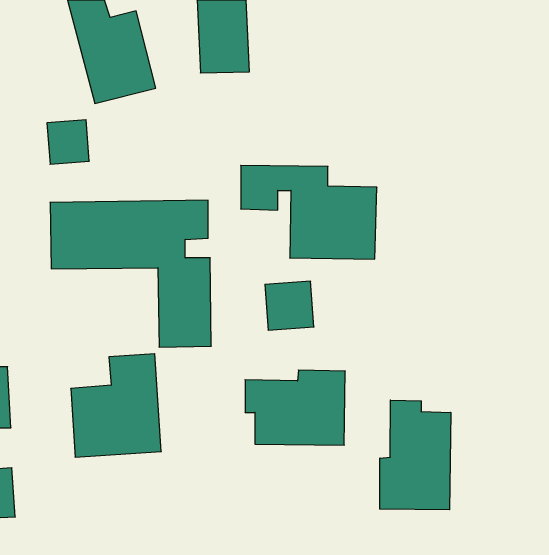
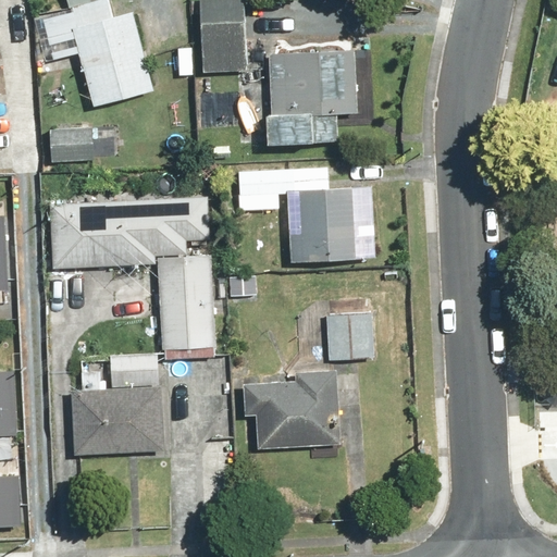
building: none -> [265,49,359,147]
building: [265,281,314,330] -> [320,307,369,356]
building: [380,400,451,510] -> none

